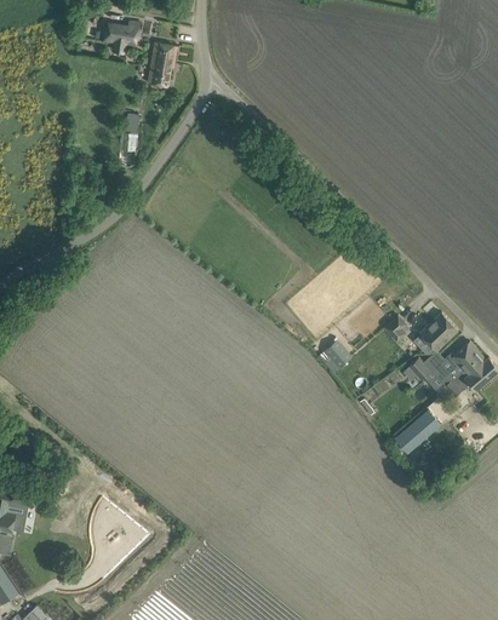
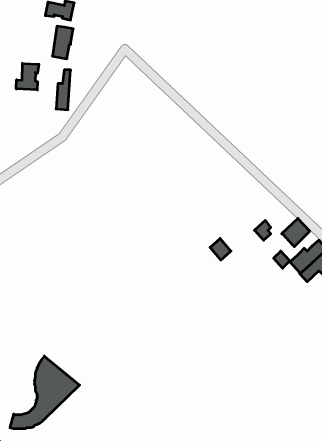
building: [148,44,176,87] -> [52,26,73,59]
building: none -> [16,63,39,90]
building: [394,411,440,454] -> none

